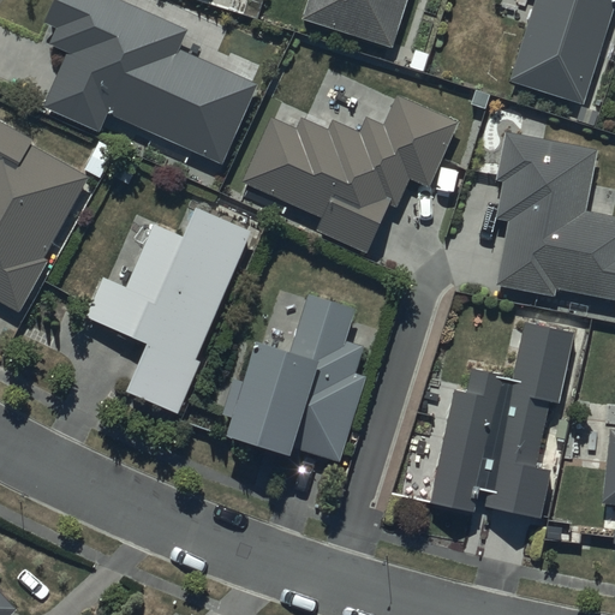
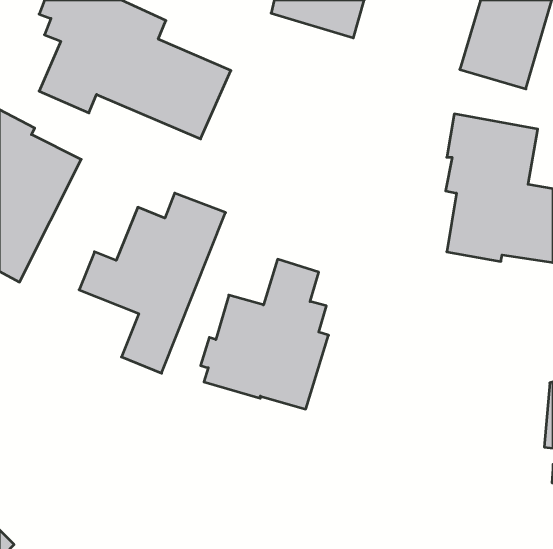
building: [244,95,455,250] -> none
building: [432,320,573,514] -> none

